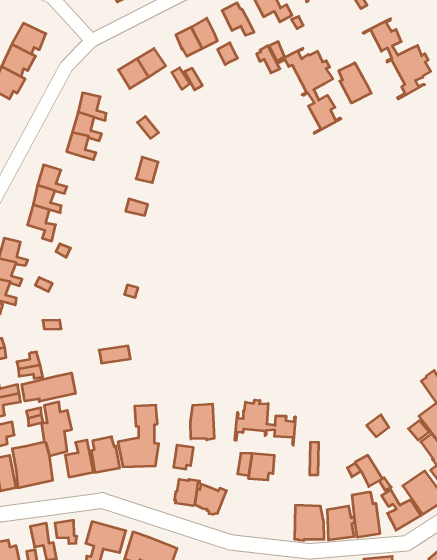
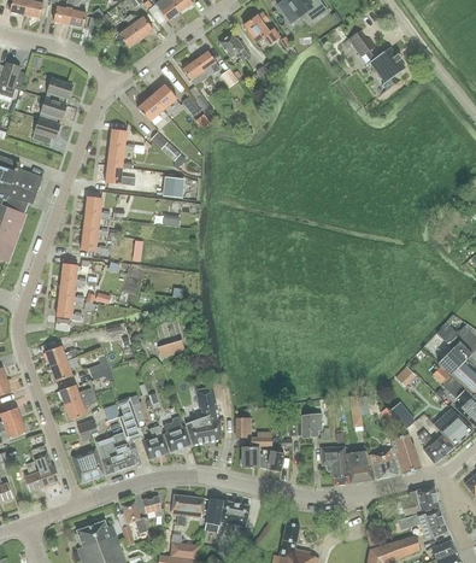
building: [276,48,341,133] -> none
building: [339,63,371,103] -> none
building: [22,373,75,402] -> none
building: [235,400,295,445] -> none
building: [191,404,214,440] -> none
building: none -> [321,445,348,483]

